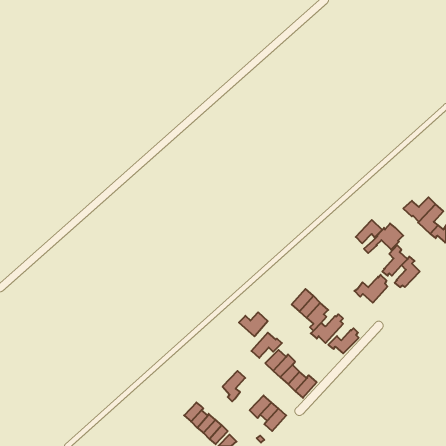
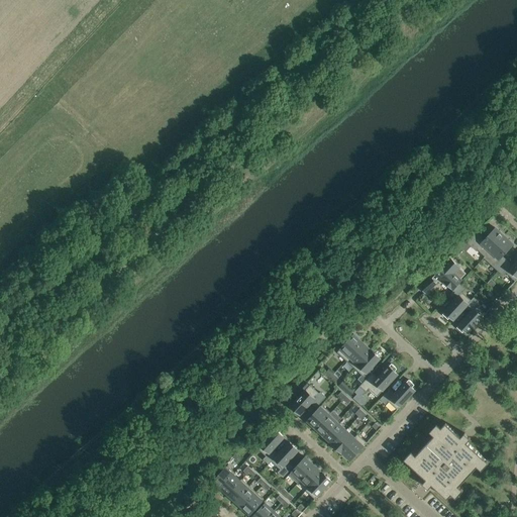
building: [356,220,382,243] -> none
building: [354,275,387,303] -> none
building: [239,312,268,336] -> none
building: none -> [409,423,485,499]
building: none -> [272,442,298,478]

